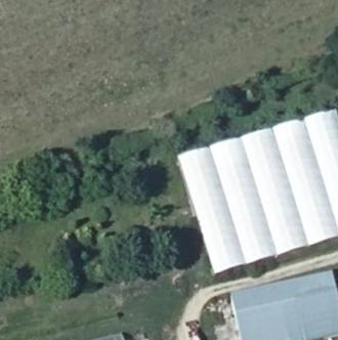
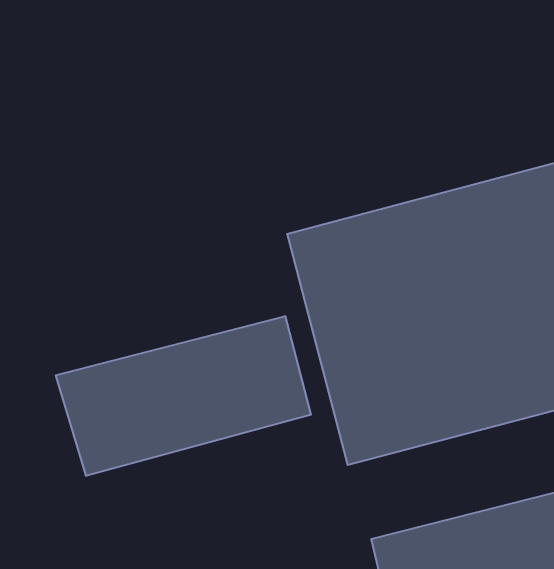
building: none -> [56,316,311,476]

